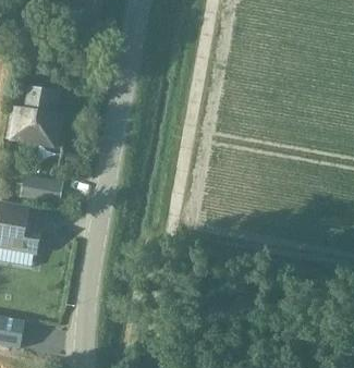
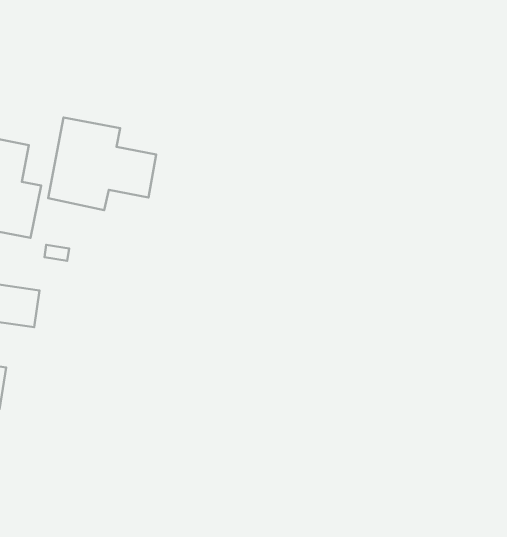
building: none -> [48,118,156,210]

